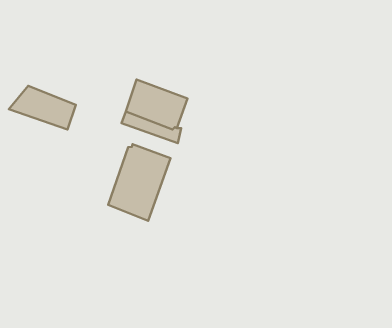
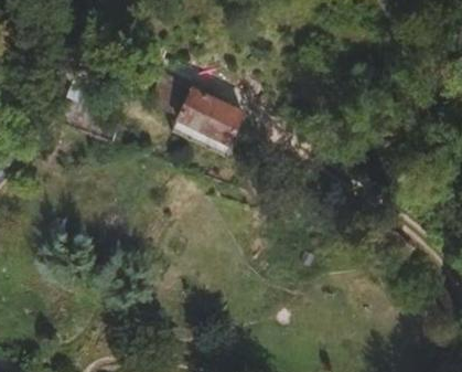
building: [108,144,171,221] -> none

